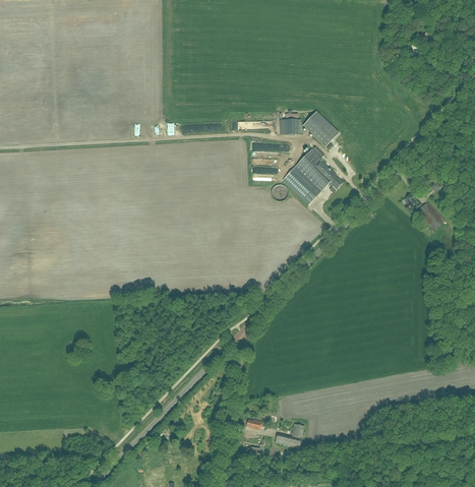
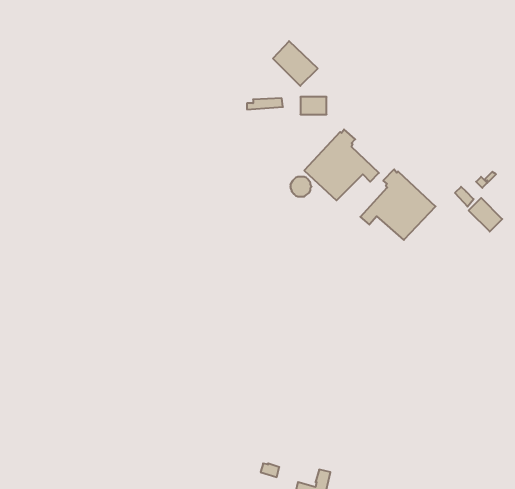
building: [302,110,339,146] -> [273,41,318,86]
building: none -> [360,169,436,240]

